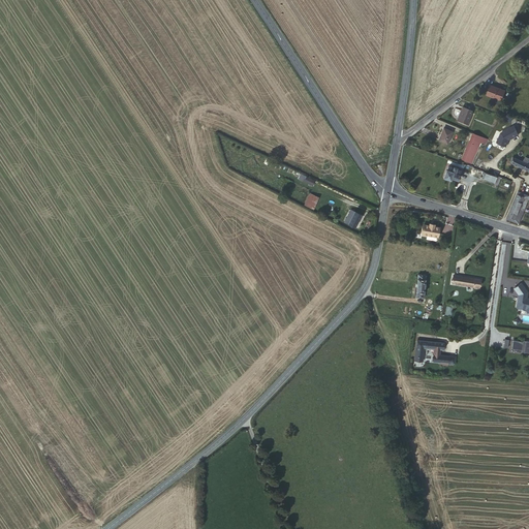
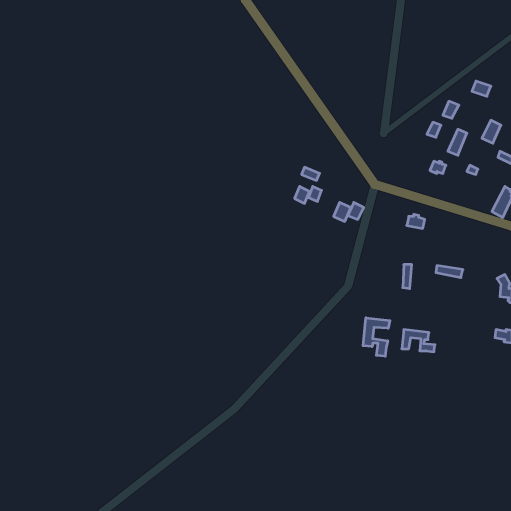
building: none -> [363,318,390,356]

